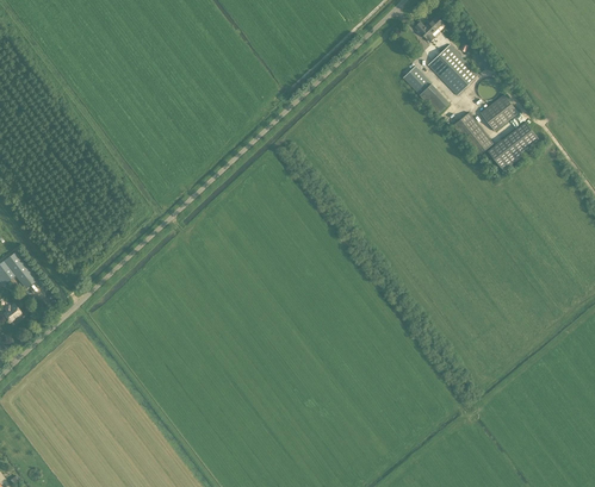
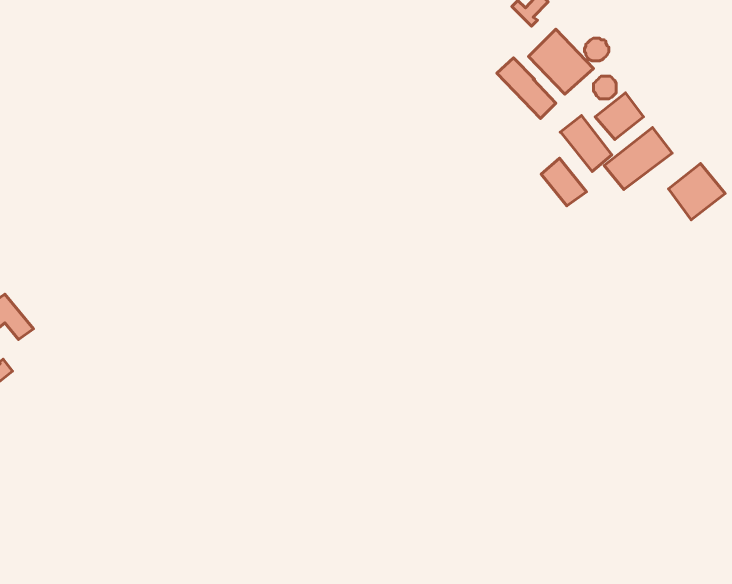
building: none -> [541,158,587,206]
building: none -> [669,163,725,220]

